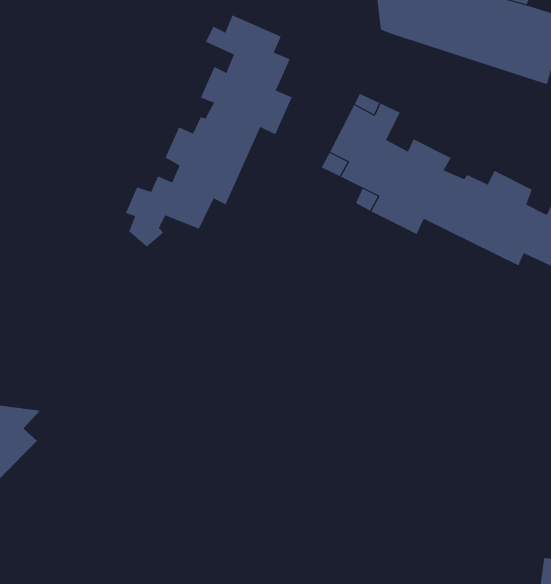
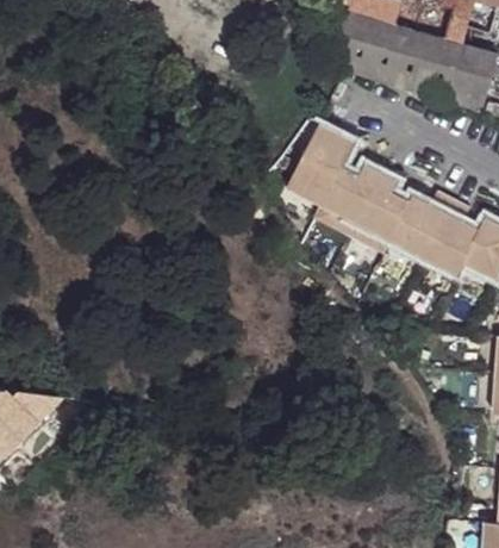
building: [125,14,292,248] -> none

